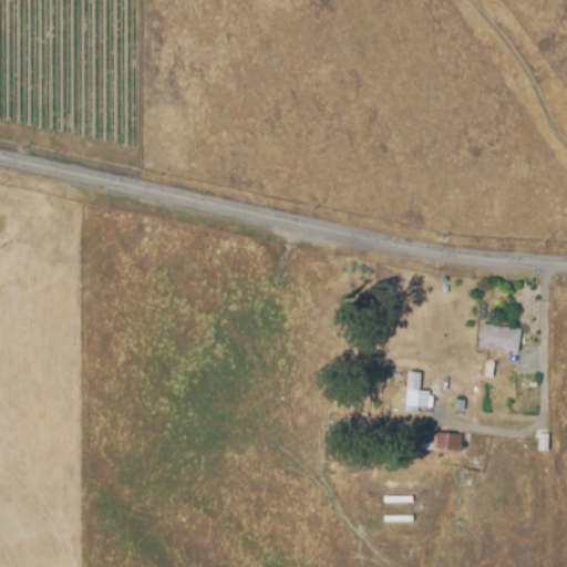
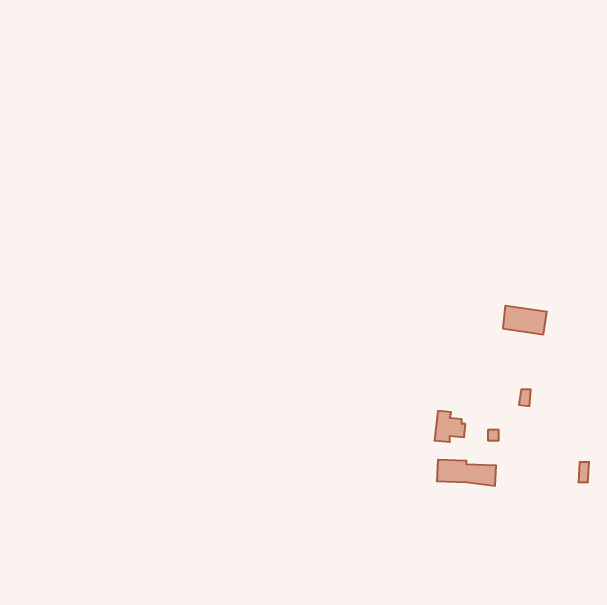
building: [480,322,520,349] -> [503,306,547,334]

